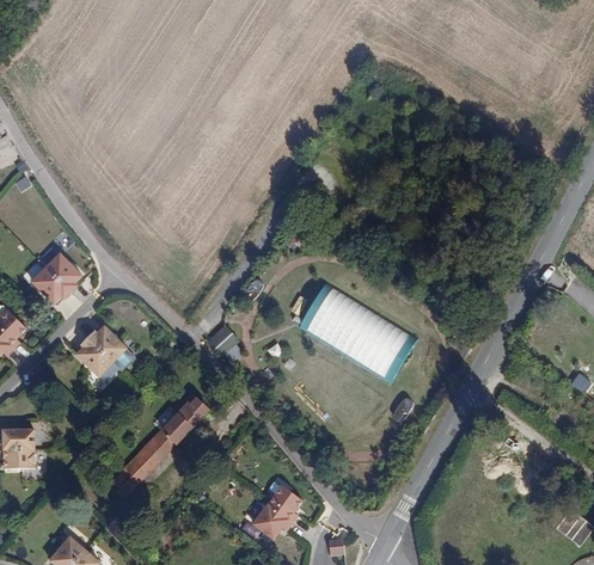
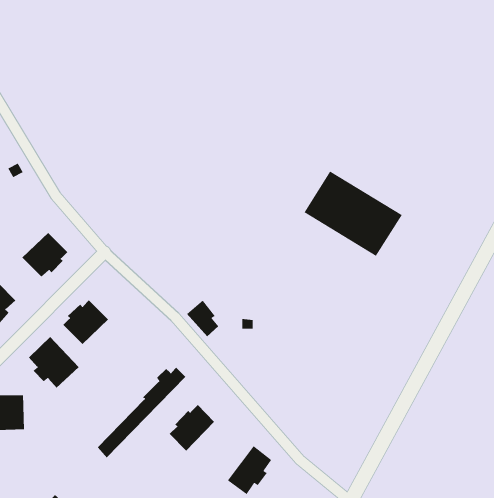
building: [307,289,415,382] -> [303,171,403,257]
building: none -> [28,336,80,389]
building: none -> [169,404,215,452]

